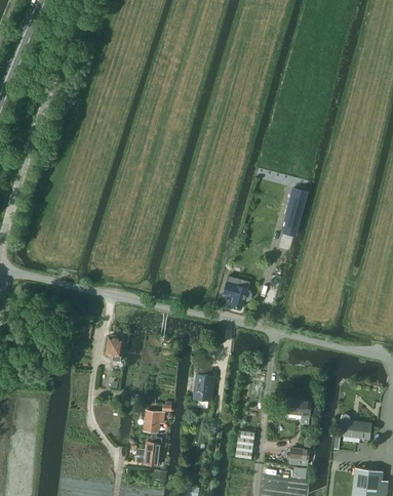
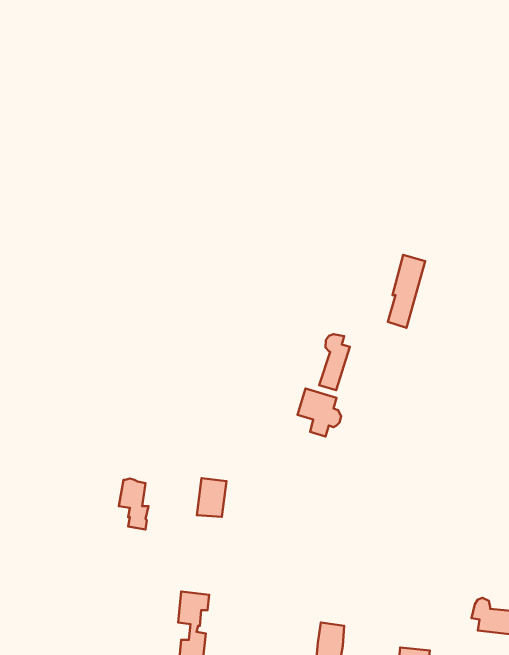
building: none -> [319,334,350,390]
building: [194,375,213,401] -> [197,478,226,517]
building: [285,399,311,425] -> none

